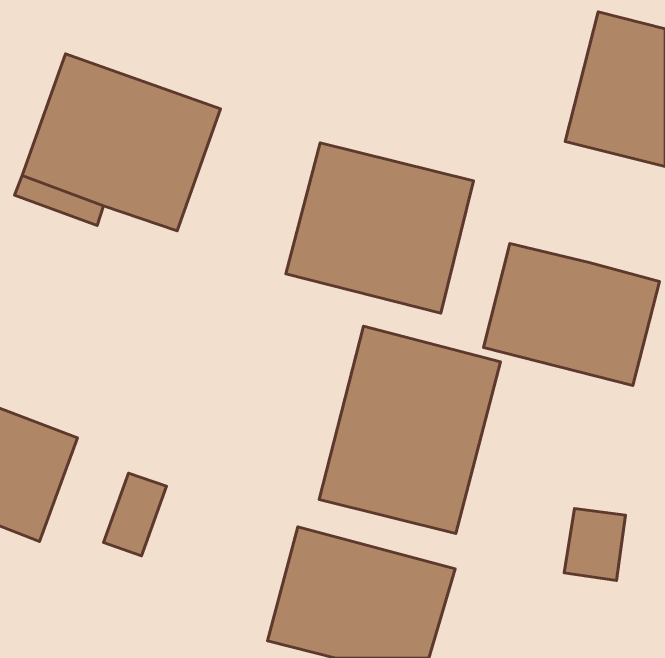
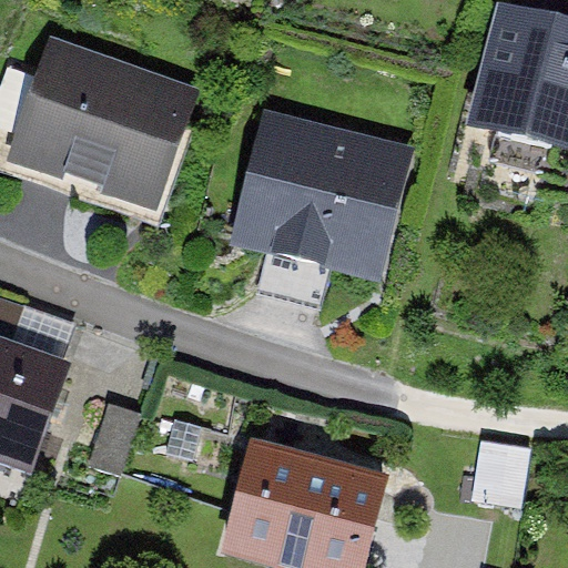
building: [483,244,659,385] -> none
building: [319,326,501,533] -> none

